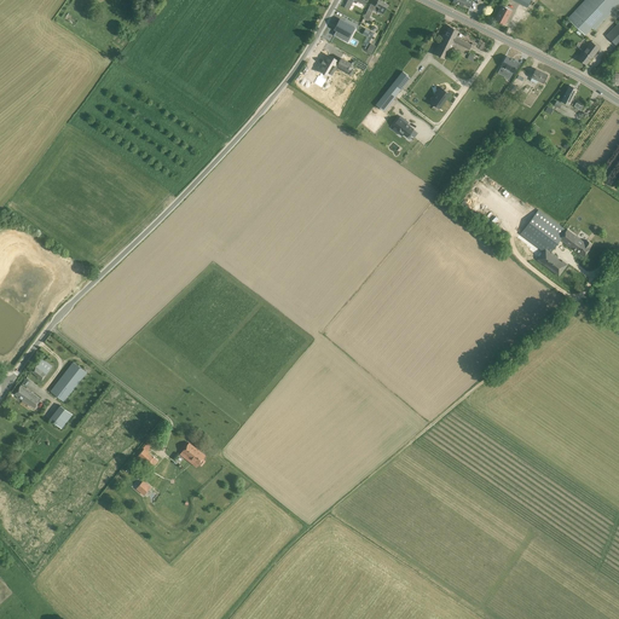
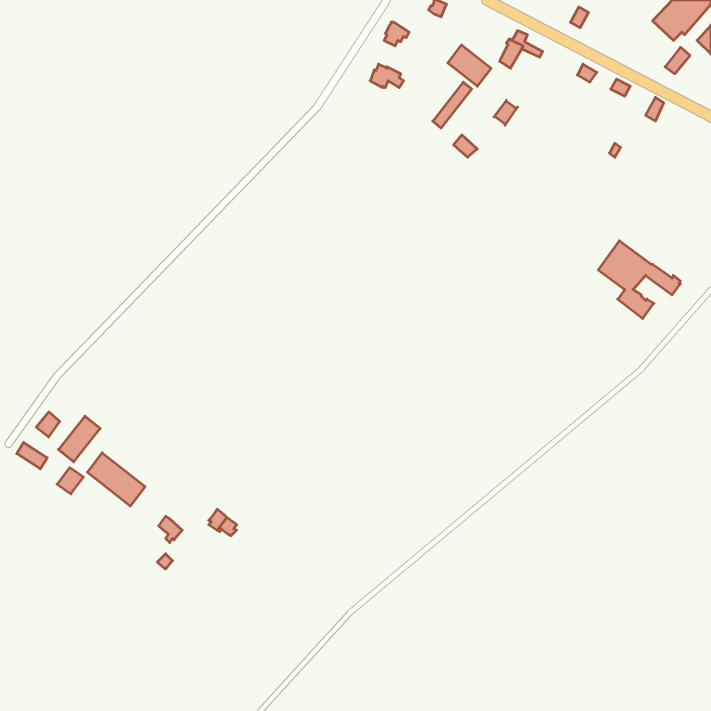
building: none -> [448,45,491,86]
building: none -> [87,453,145,506]

